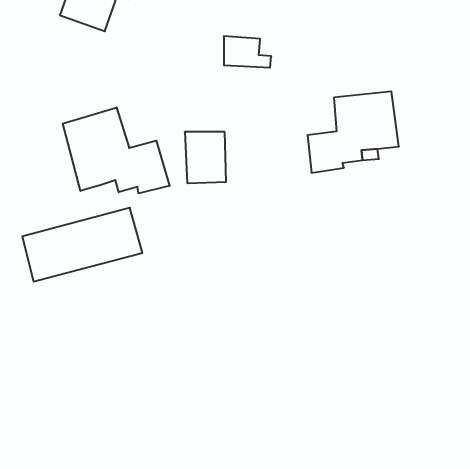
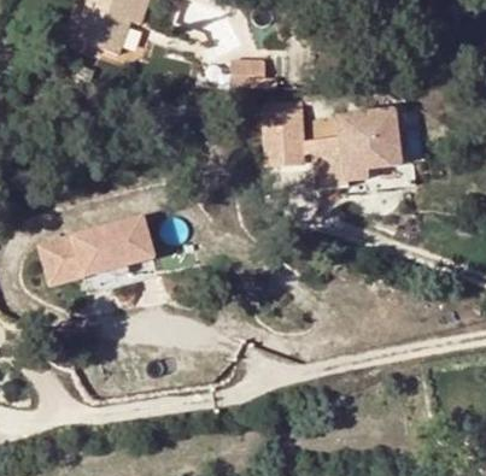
building: [63,107,170,193] -> none
building: [185,132,226,183] -> [263,112,303,161]

